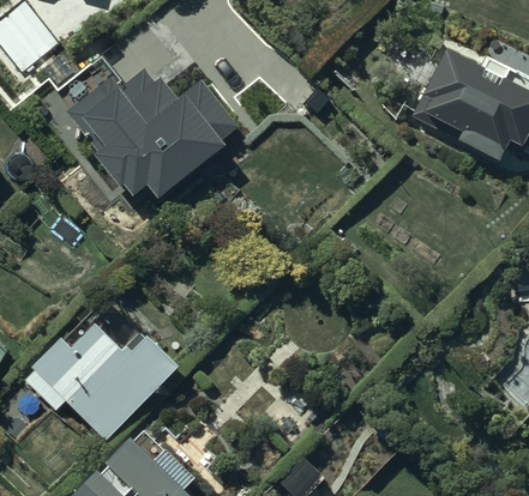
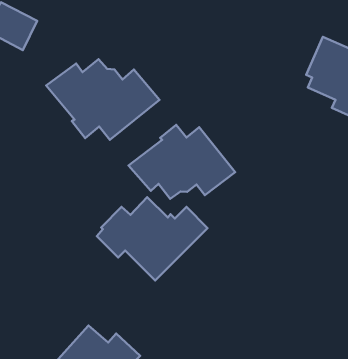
building: none -> [129,125,235,199]
building: [28,328,178,441] -> [97,197,208,281]

